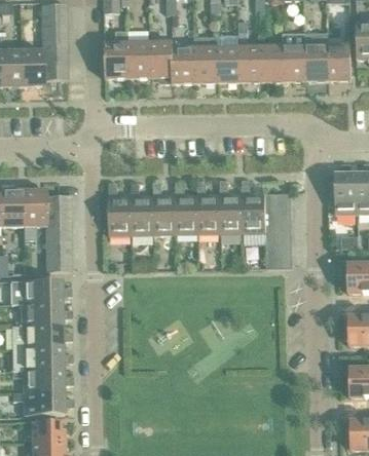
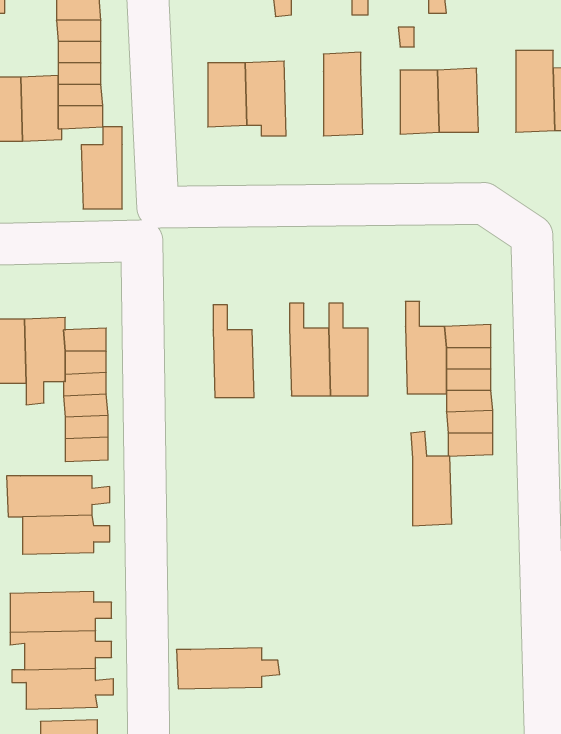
building: [104,31,127,78] -> [81,127,122,209]
building: [283,34,305,81] -> none
building: [172,40,194,83] -> none
building: [216,45,238,82] -> none
building: [219,179,243,233] -> [411,431,452,526]
building: [153,181,176,234] -> none
building: [108,182,132,235] -> none
building: [12,324,72,347] -> [176,648,280,689]

